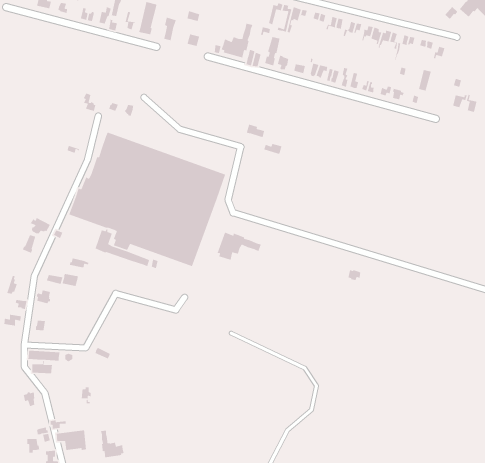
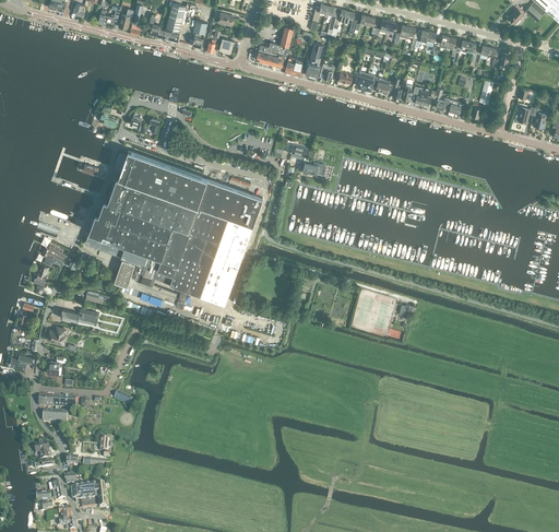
building: [217,232,262,261] -> none
building: [100,430,124,458] -> none

